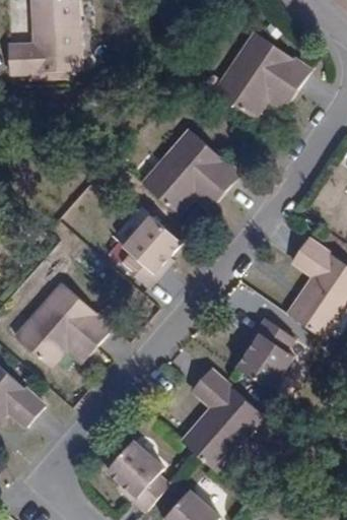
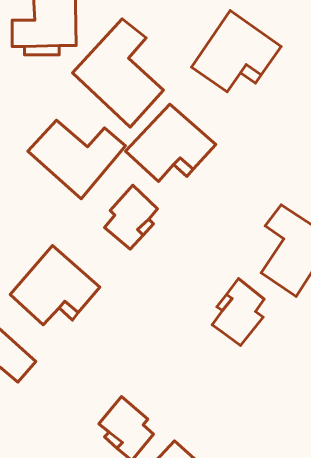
building: none -> [73,19,163,127]
building: none -> [28,120,125,199]
building: [181,370,262,470] -> none

